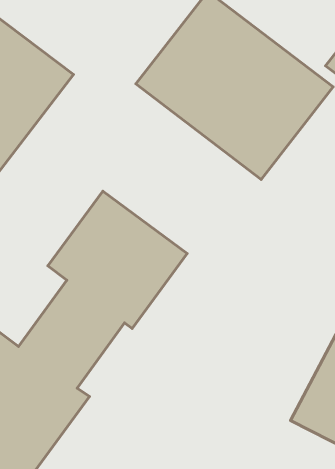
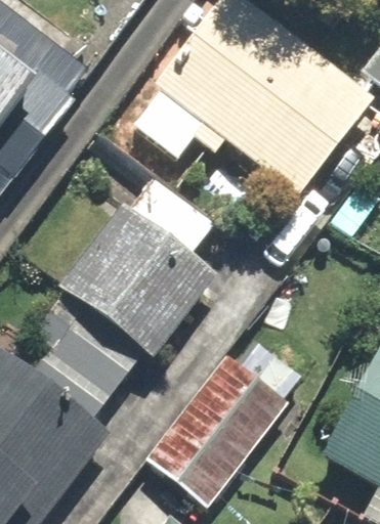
building: none -> [150,357,286,501]

